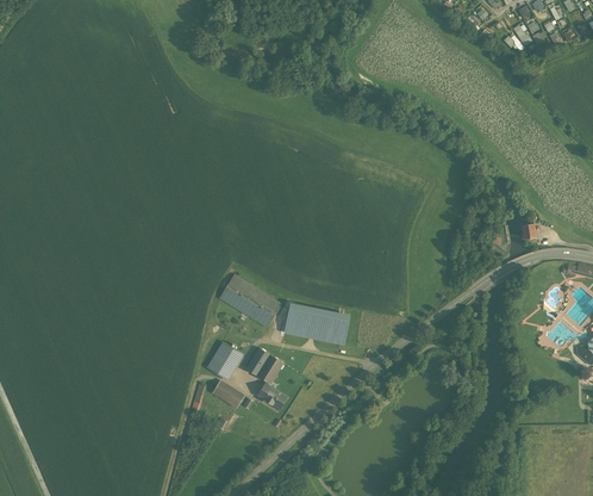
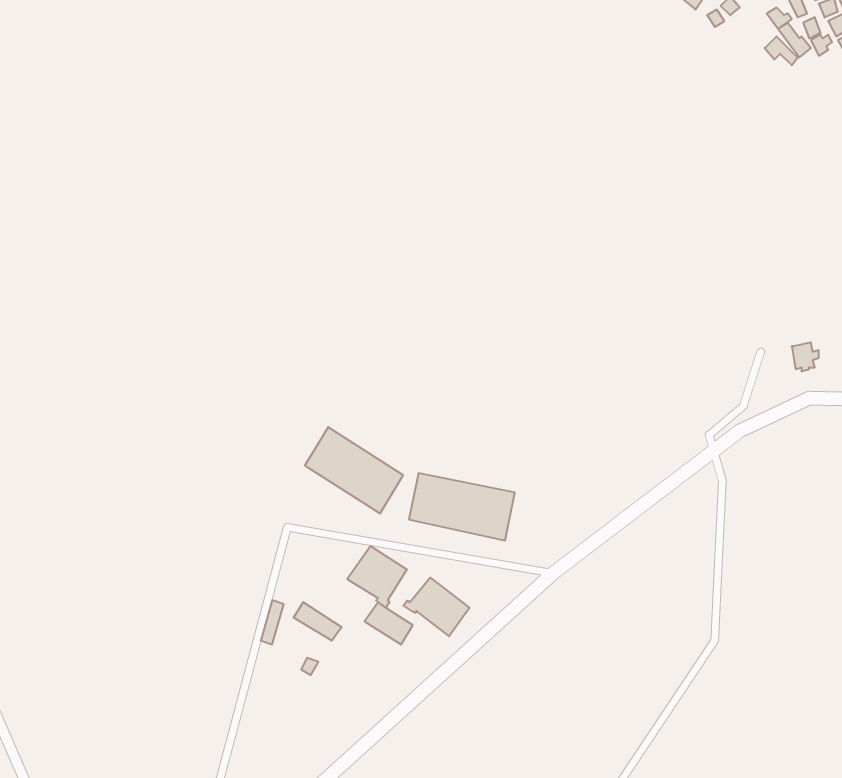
building: [206,341,242,380] -> none
building: none -> [403,578,469,636]

